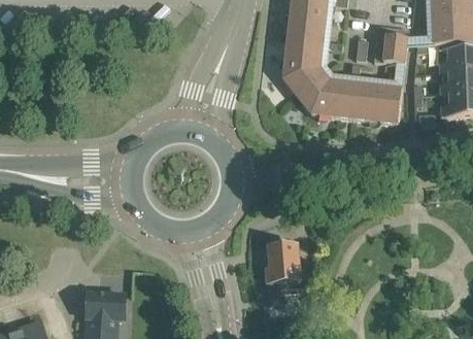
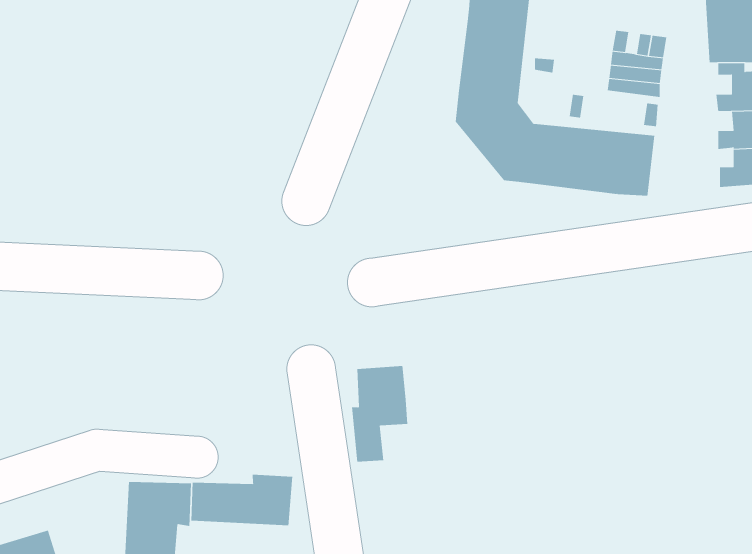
building: [266,245,300,303] -> [351,365,408,462]
building: none -> [191,474,293,526]

